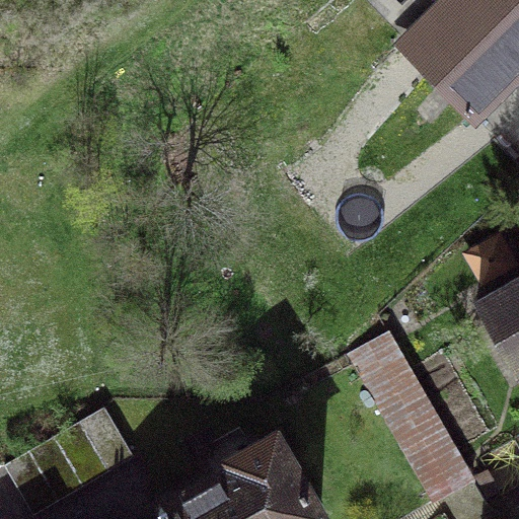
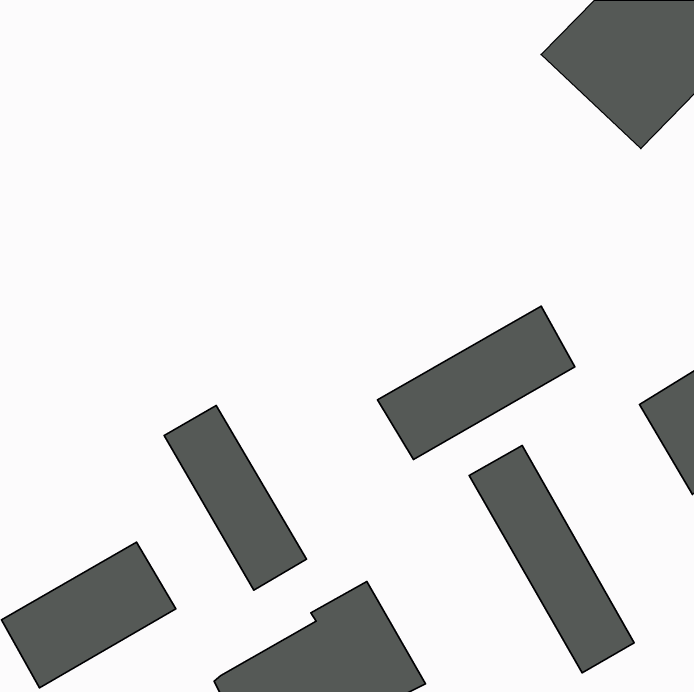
building: none -> [378,306,575,460]
building: none -> [164,406,307,590]

